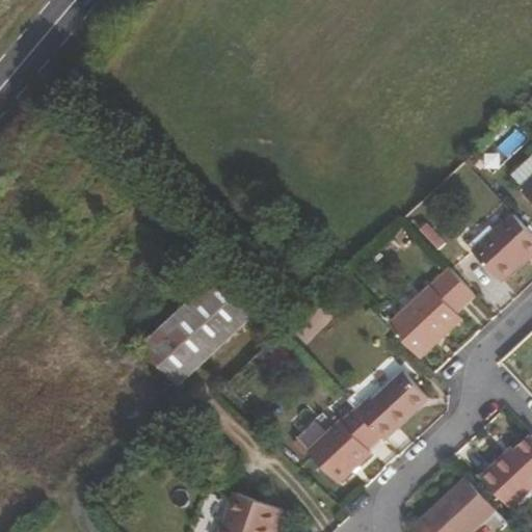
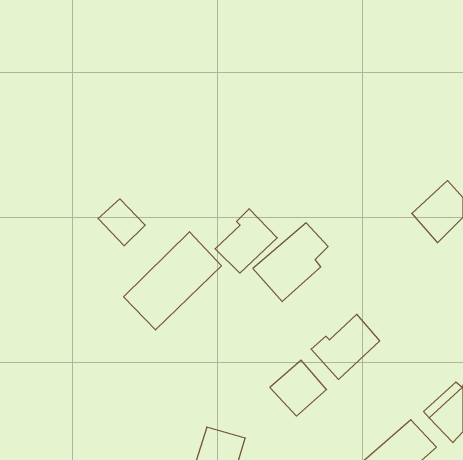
building: none -> [98,199,145,246]
building: none -> [215,209,277,273]
building: [387,270,472,360] -> [253,223,328,302]

